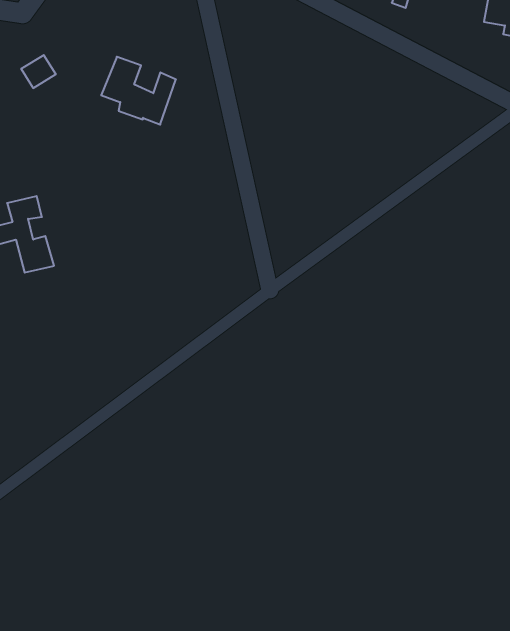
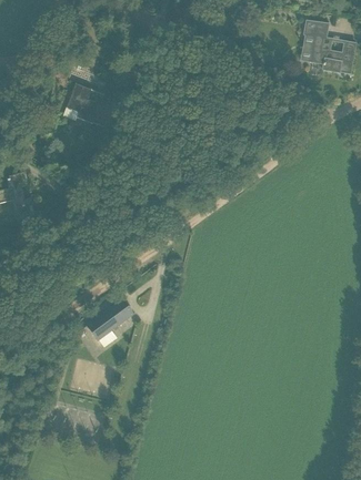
building: none -> [86,298,132,339]

